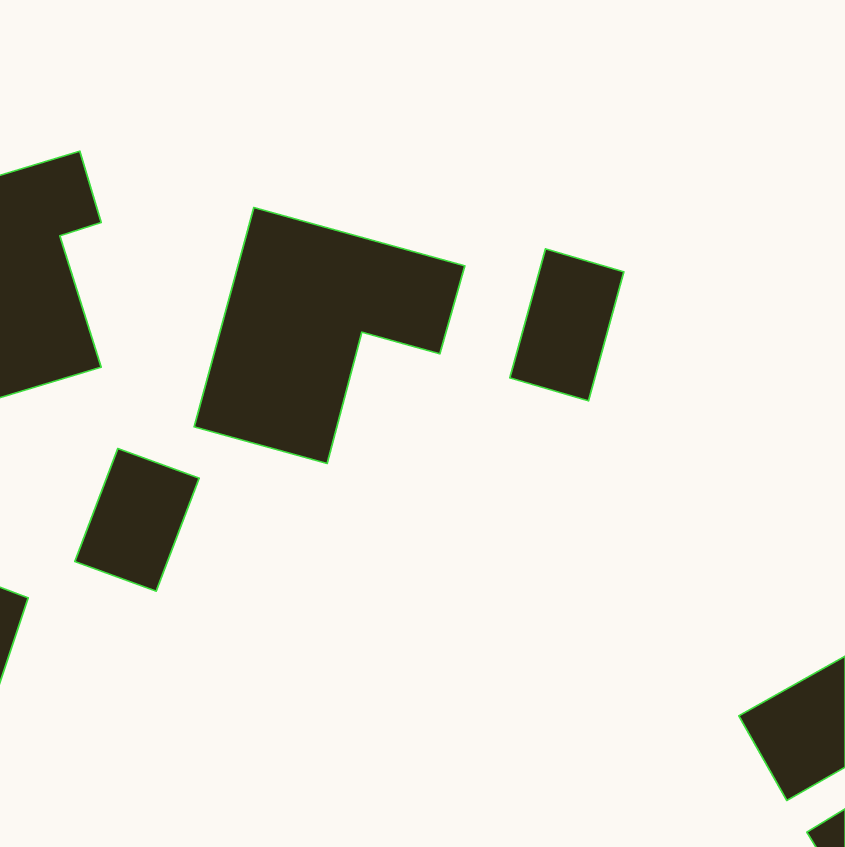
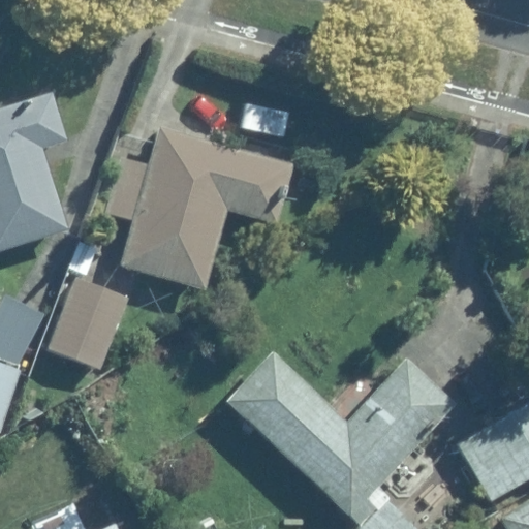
building: [510,249,624,401] -> none
building: none -> [228,354,453,514]

